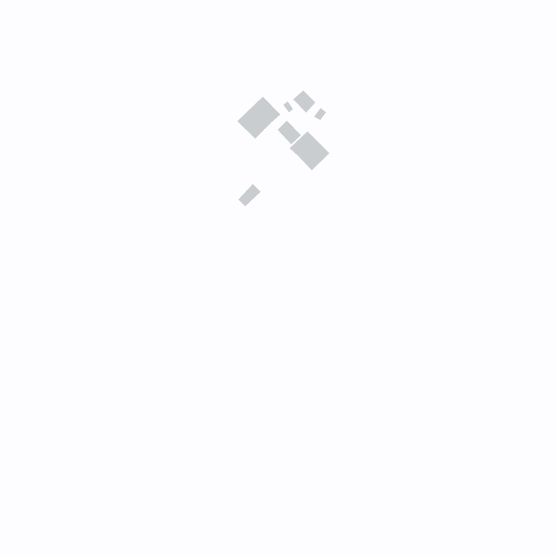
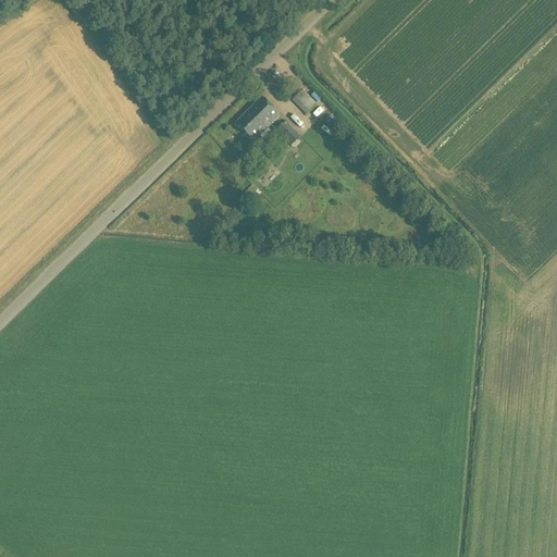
building: [289,130,330,171] -> none

